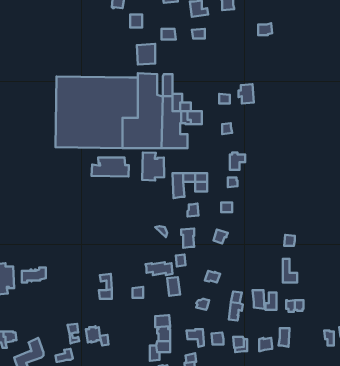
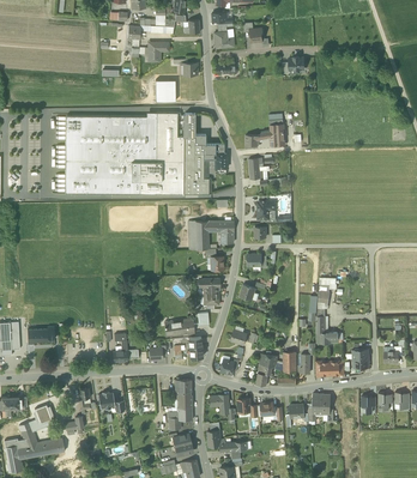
building: [142,152,164,180] -> none
building: [92,158,129,176] -> none

